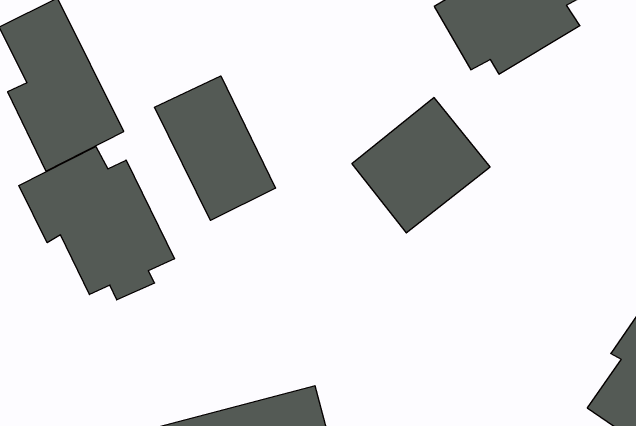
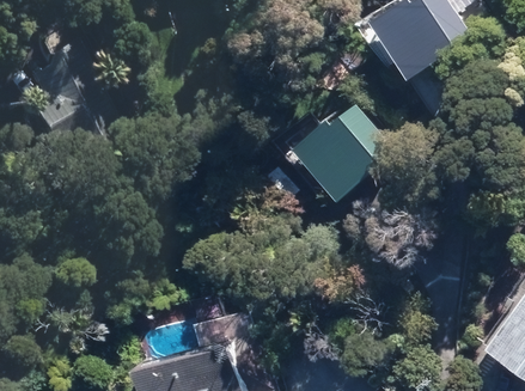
building: [154,76,275,220] -> none
building: [19,147,174,300] -> none

